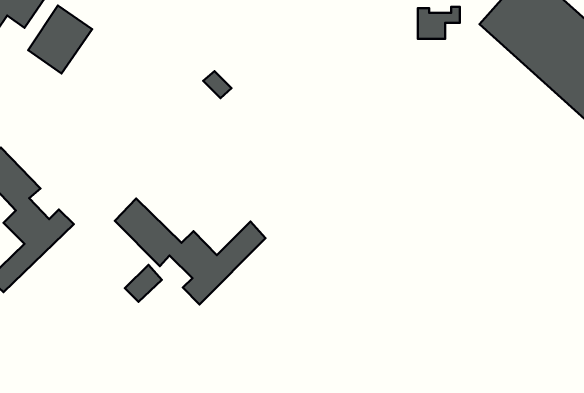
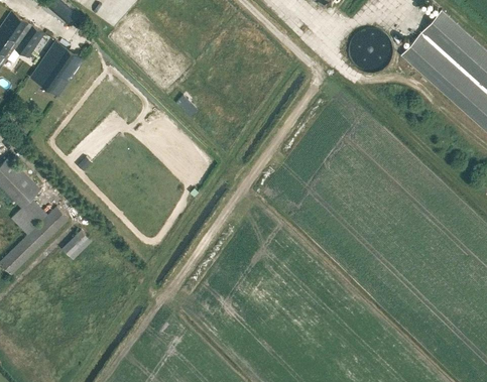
building: [115,199,266,305] -> none
building: [125,265,162,302] -> [62,228,92,258]

